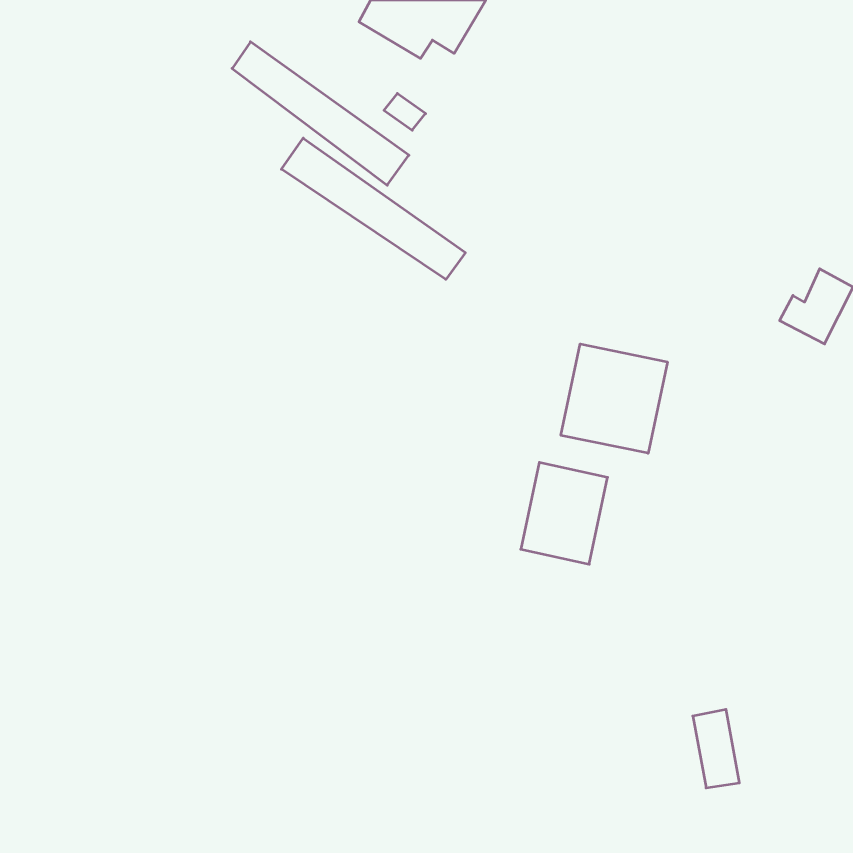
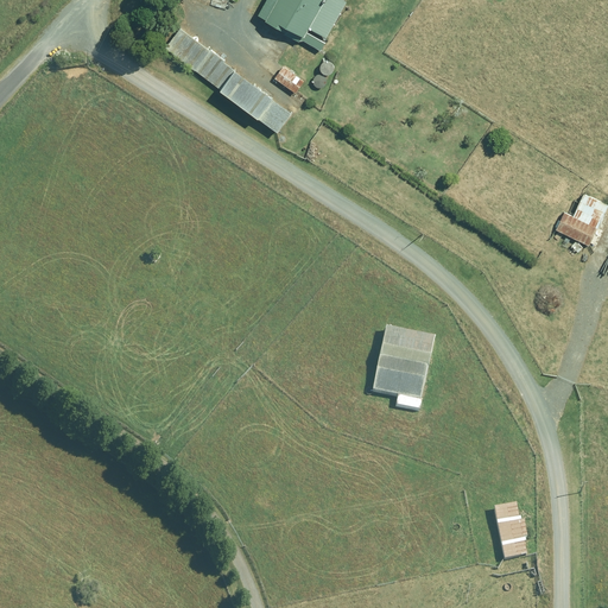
building: [281,138,465,279] -> none
building: [561,344,667,453] -> none

